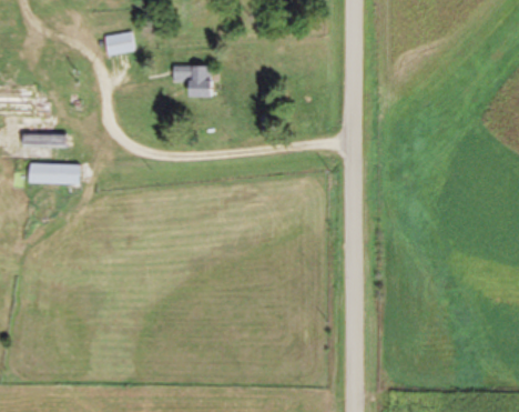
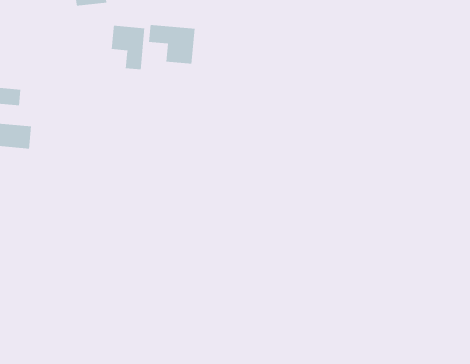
building: none -> [111,25,145,70]

